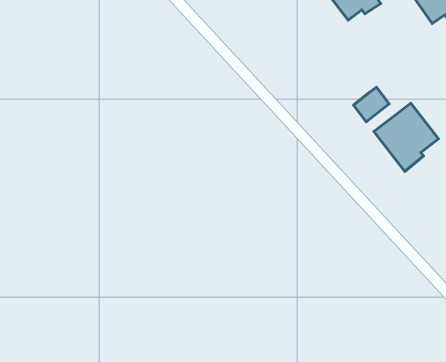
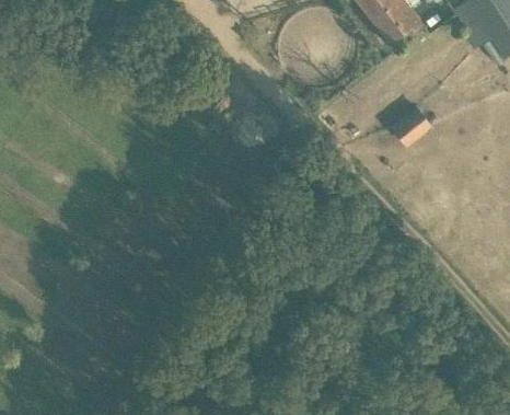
building: [374,103,438,171] -> none

